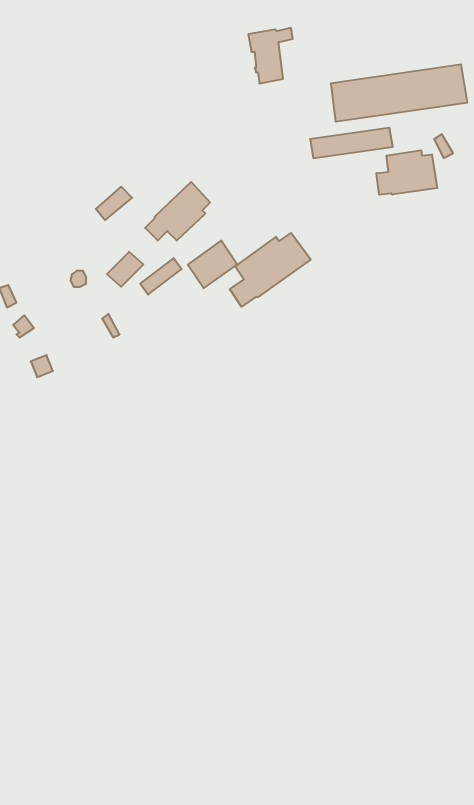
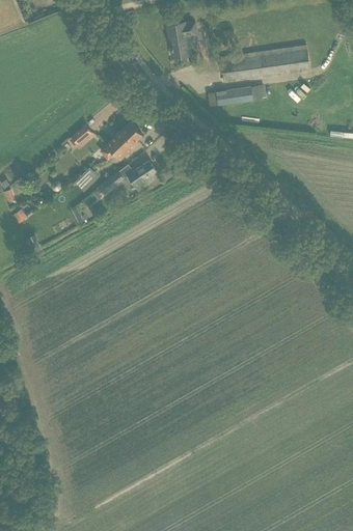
building: [376,150,437,195] -> none
building: [230,233,311,307] -> none

